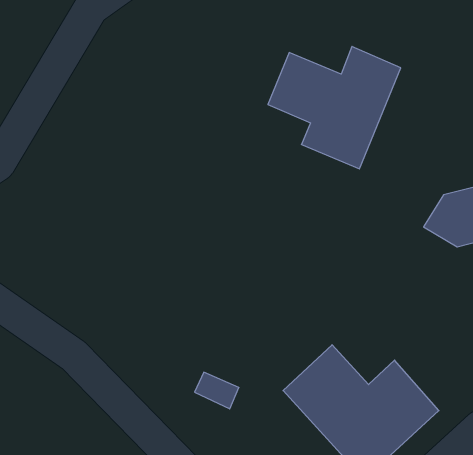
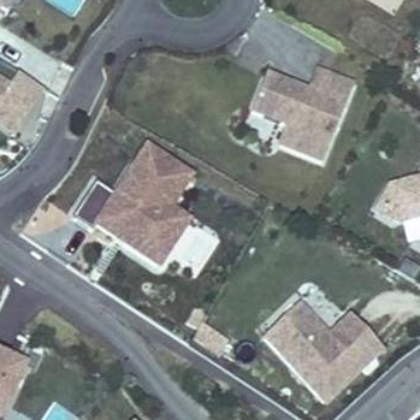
building: none -> [75,140,197,265]

